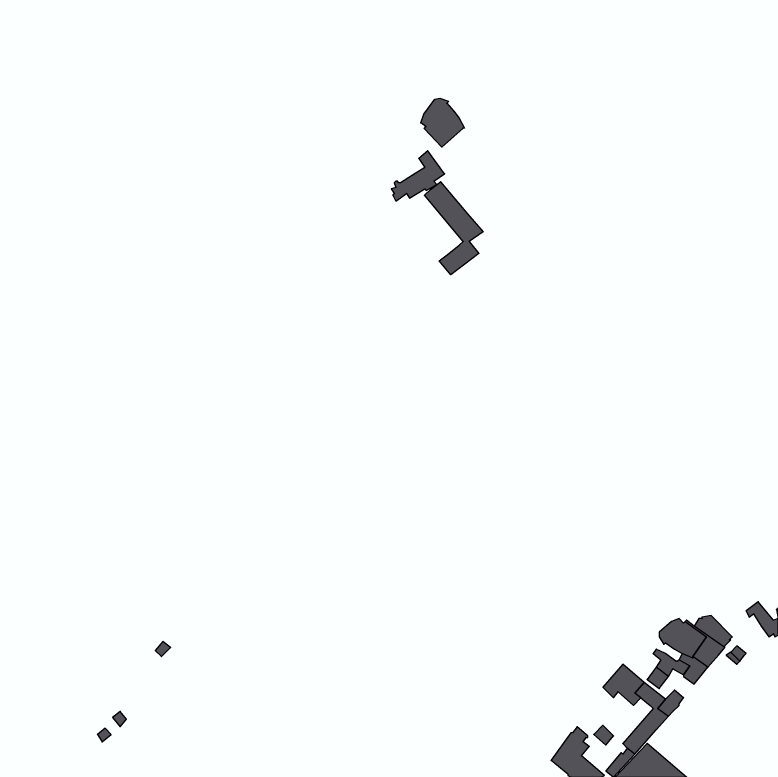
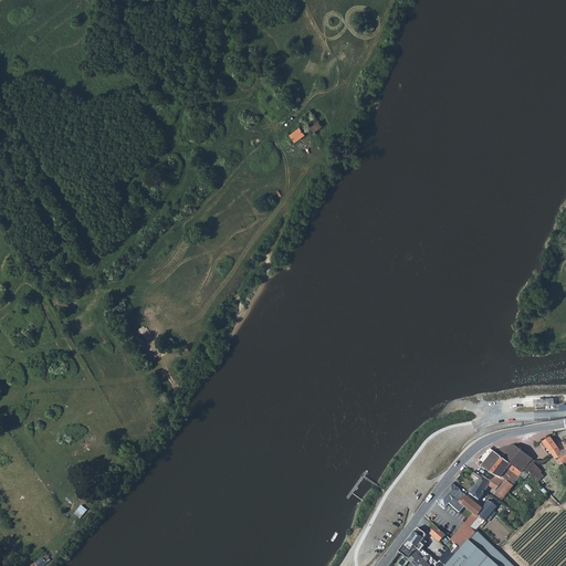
building: [421,98,464,147] -> none
building: [424,182,483,275] -> none

